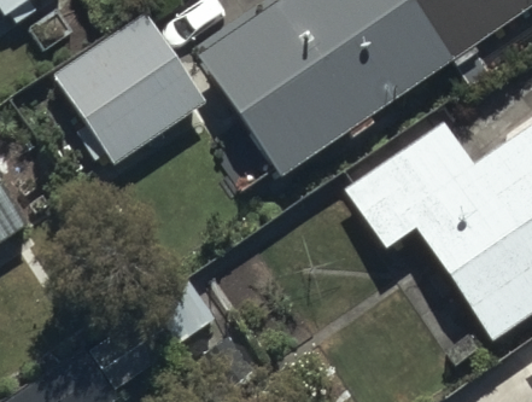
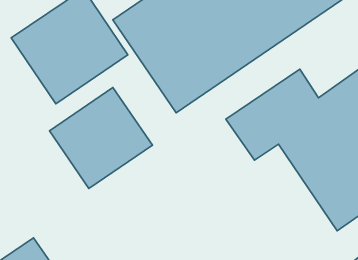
building: none -> [50,87,152,188]

